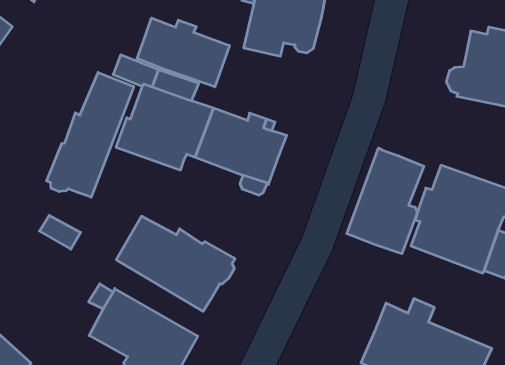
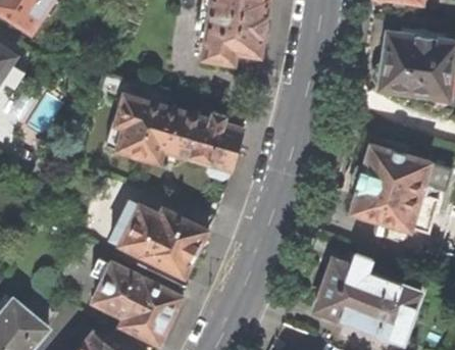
building: [137,18,229,87] -> none
building: [47,72,134,197] -> none
building: [347,148,424,254] -> none

